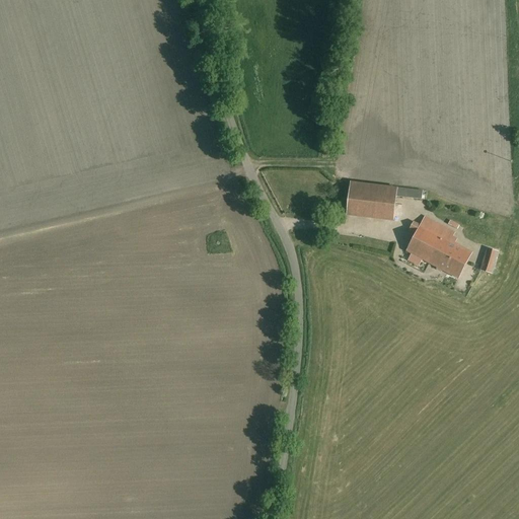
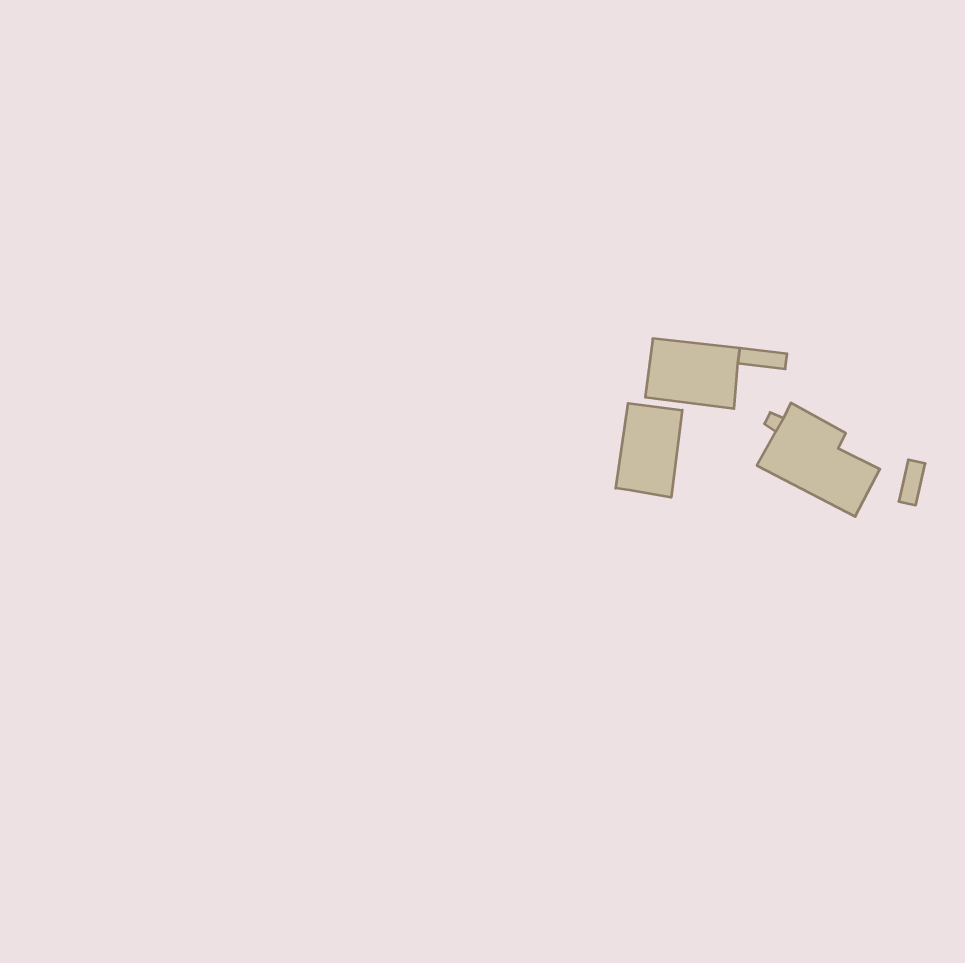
building: none -> [616,403,682,497]

